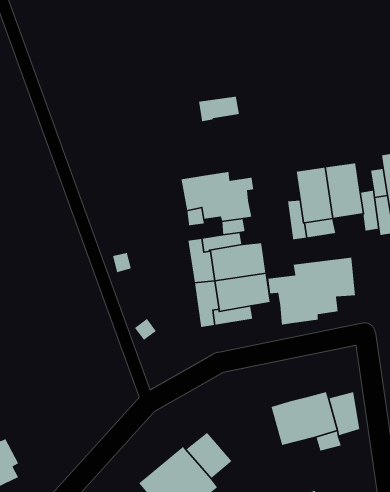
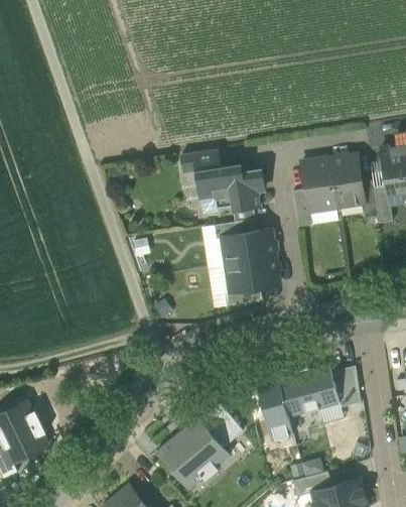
building: [198,96,240,122] -> [182,149,221,173]
building: [268,257,356,325] -> none
building: none -> [257,380,293,440]

